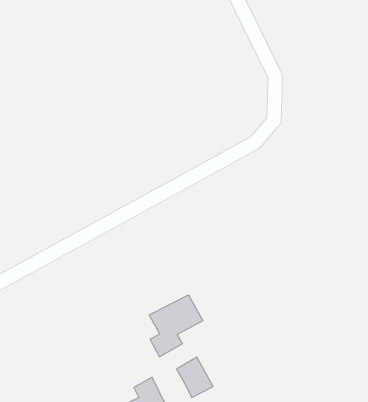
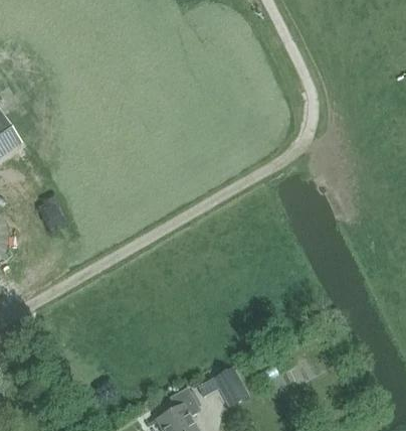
building: [149,295,203,357] -> none

